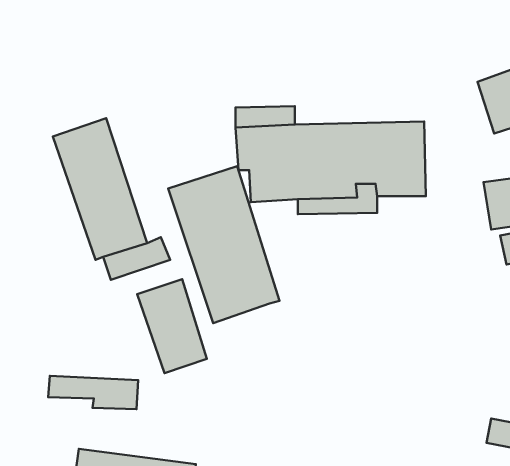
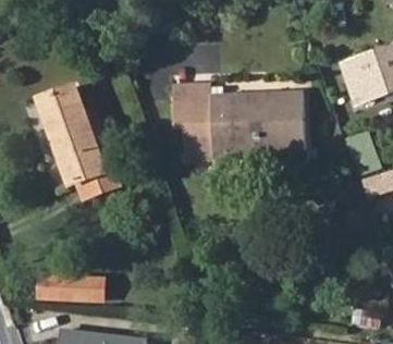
building: [168,166,280,323] -> none
building: [137,279,207,373] -> none

